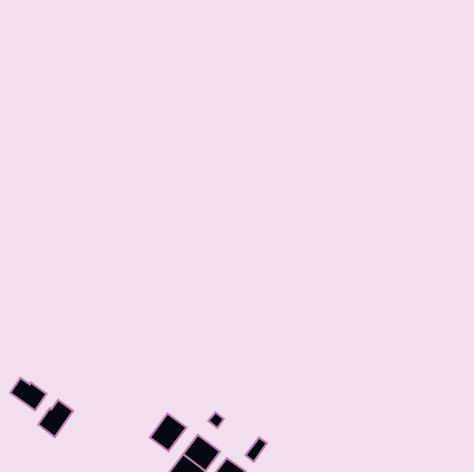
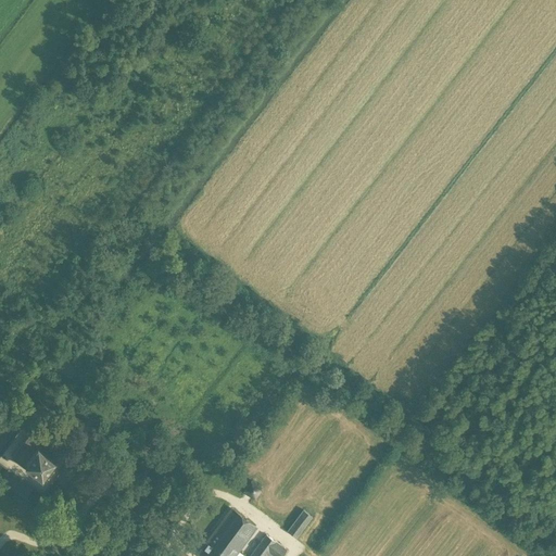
building: [38,400,73,437] -> none
building: [150,414,186,451] -> none

